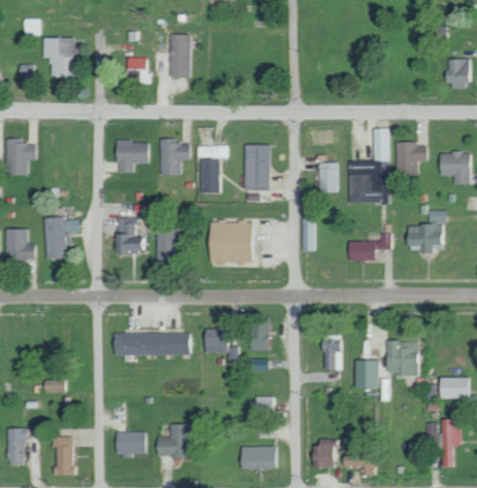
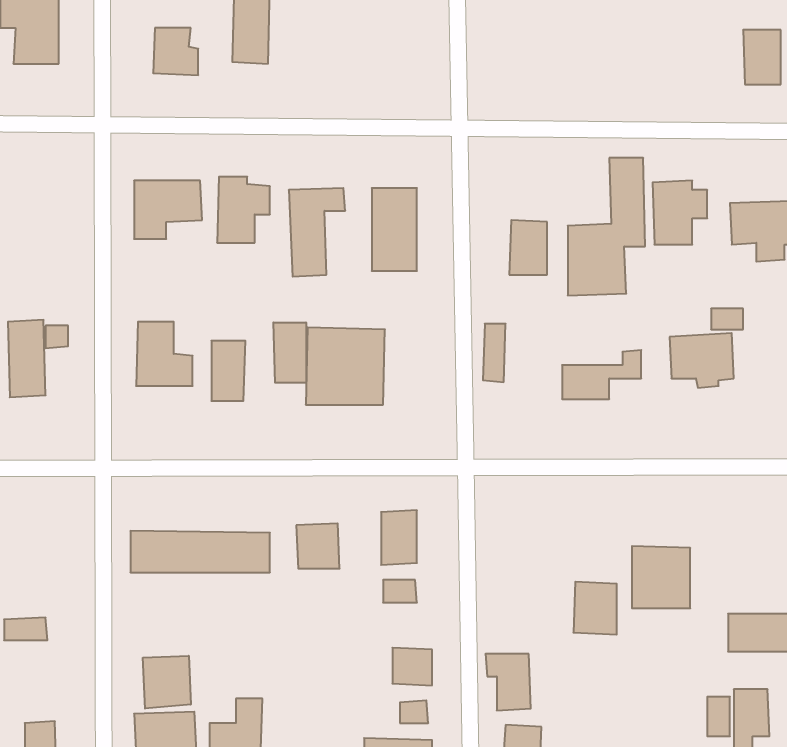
building: none -> [273,322,306,383]
building: [320,340,345,371] -> [485,654,531,710]
building: none -> [143,656,191,709]

